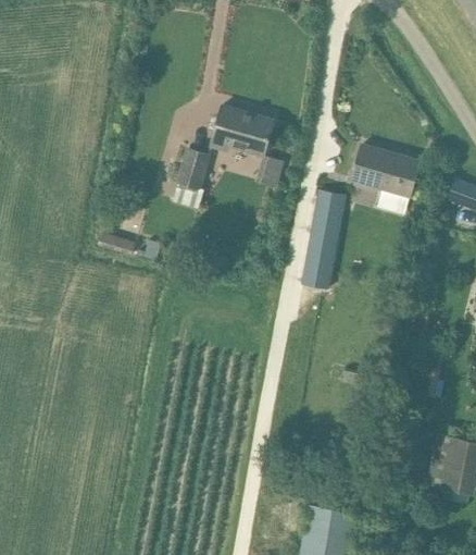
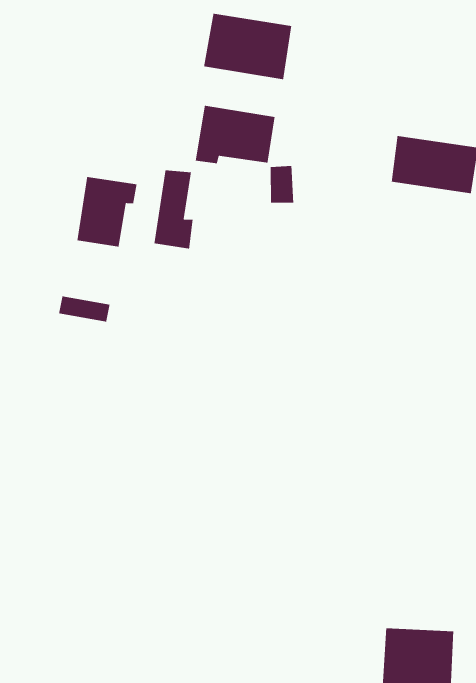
building: none -> [203,13,292,80]
building: none -> [77,176,138,247]
building: [301,189,346,289] -> none

